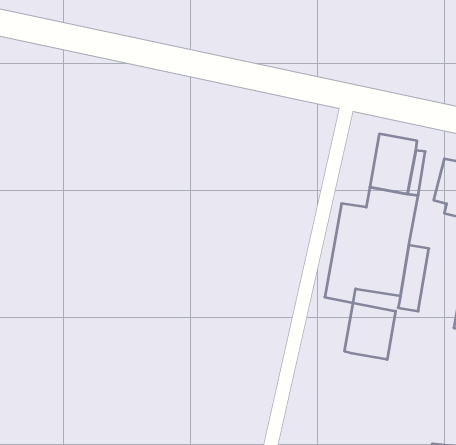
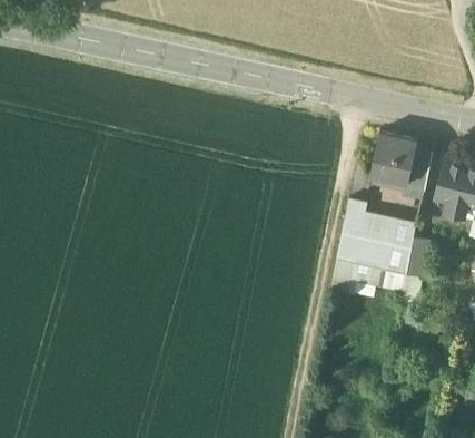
building: [345,303,396,360] -> none

